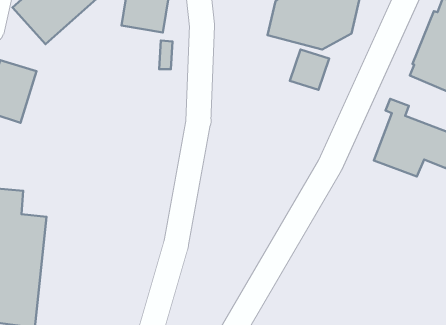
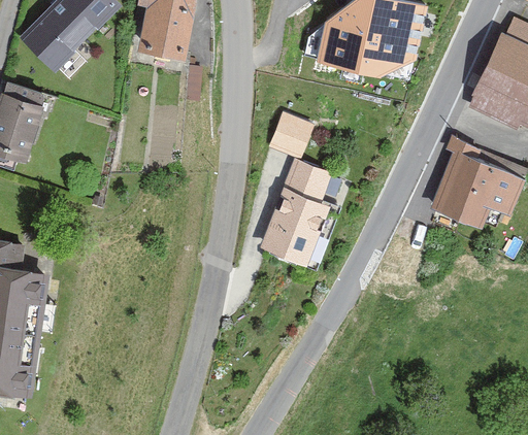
building: [290,49,329,90] -> [263,107,308,154]
building: none -> [253,159,332,269]

